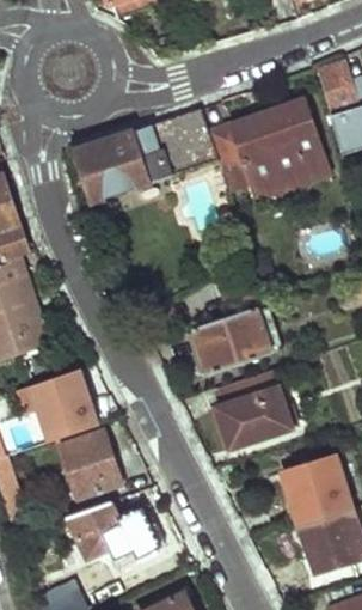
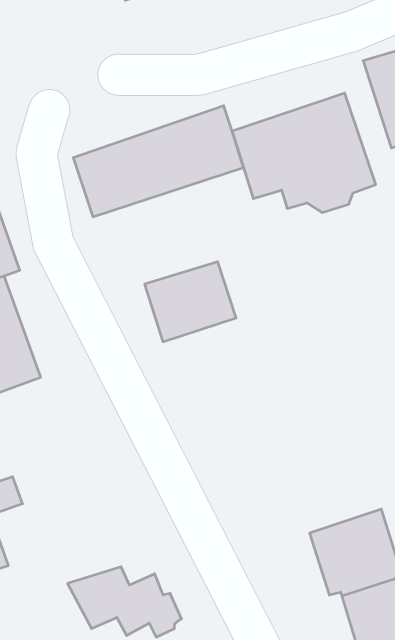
building: [192,307,270,376] -> [145,262,236,342]
building: [25,367,96,437] -> none
building: [213,370,289,449] -> none
building: [59,429,119,500] -> none

